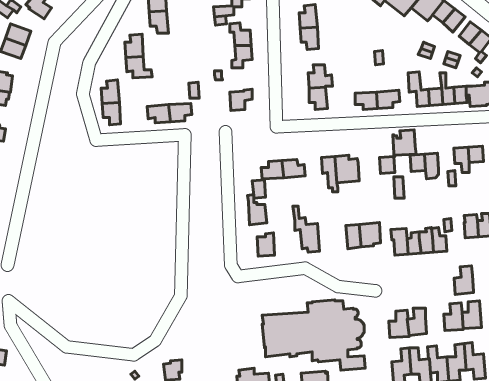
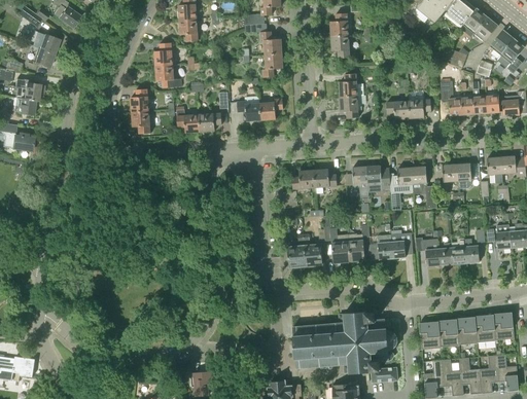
building: none -> [236,99,260,120]
building: [393,130,416,156] -> [389,167,413,193]
building: [248,194,267,225] -> [303,234,322,265]
building: none -> [348,224,368,261]
building: [454,266,473,294] -> [457,316,477,344]

